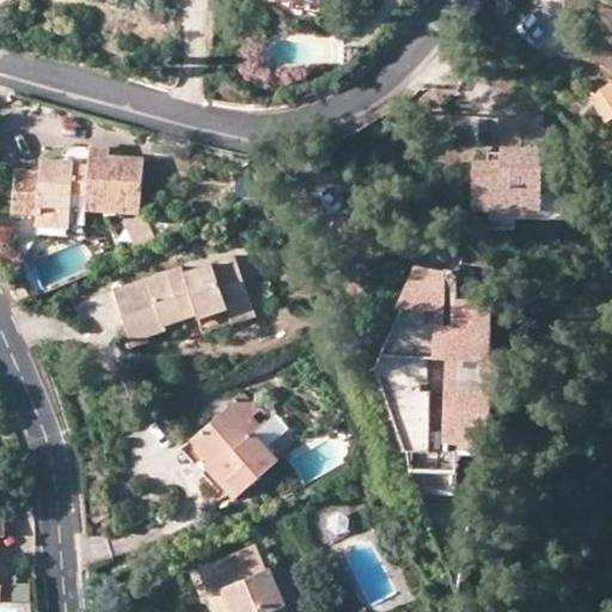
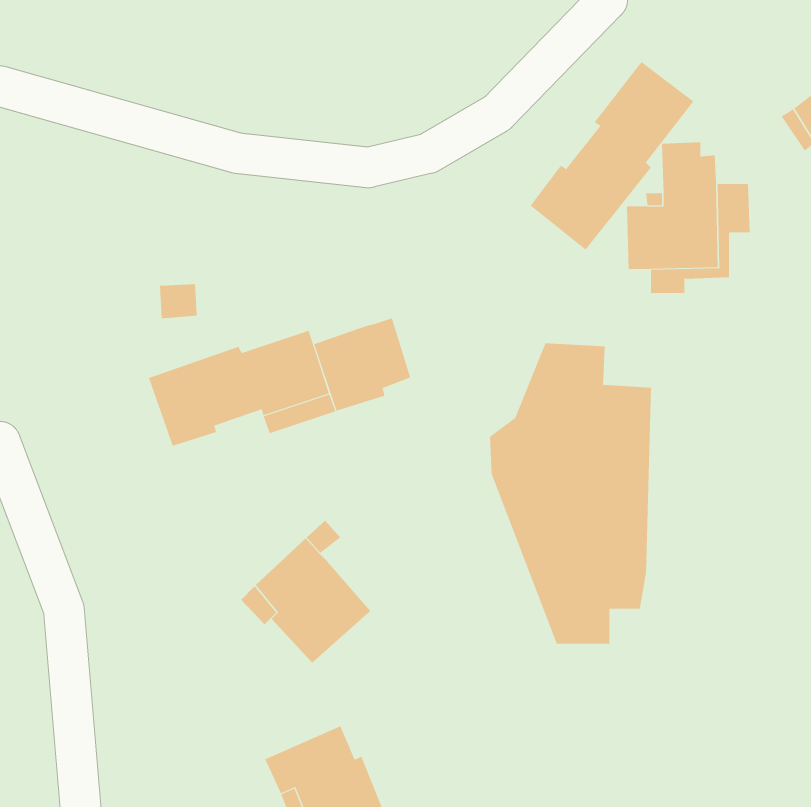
building: none -> [530,61,694,251]
building: [11,146,141,228] -> none
building: none -> [314,318,411,411]

